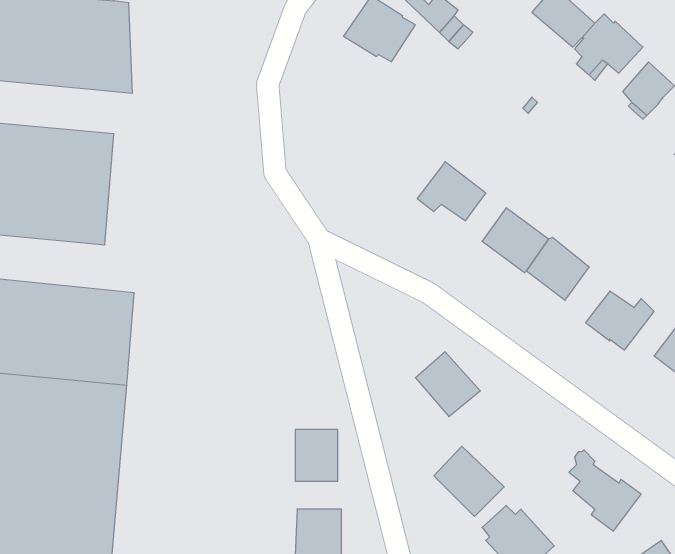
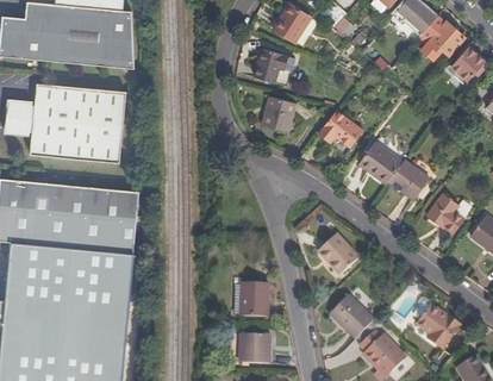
building: none -> [256,46,289,80]
building: none -> [262,94,295,131]

